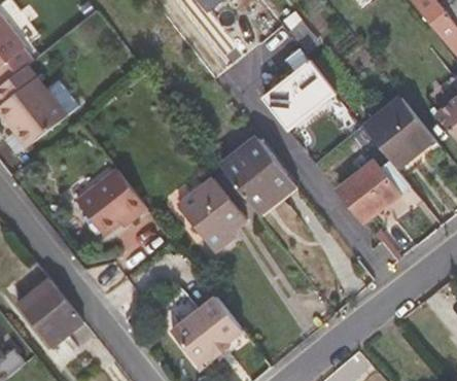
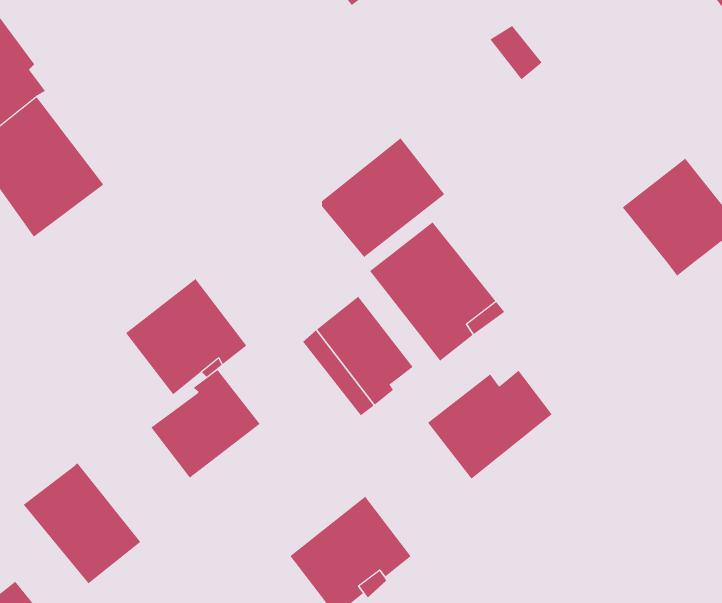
building: [263,59,336,129] -> [321,138,445,258]
building: [337,160,410,223] -> [427,370,553,479]
building: none -> [150,369,261,478]

